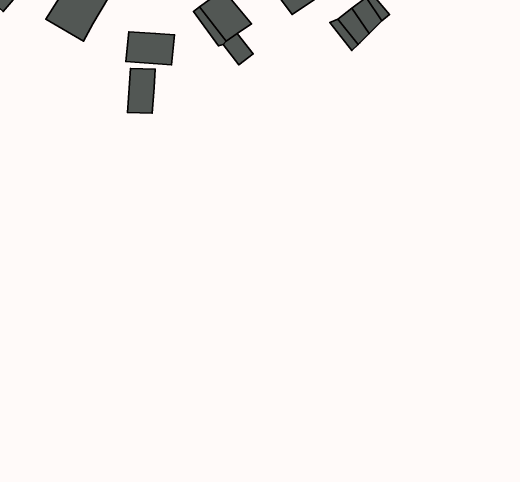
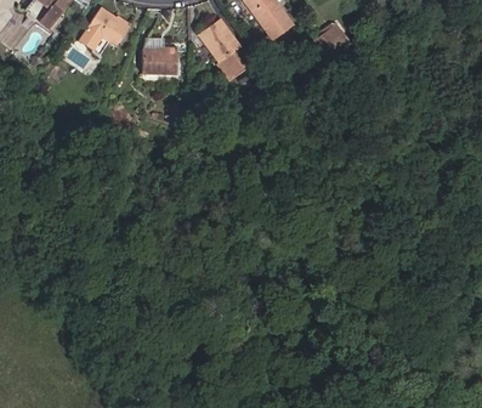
building: [127,69,155,113] -> none

